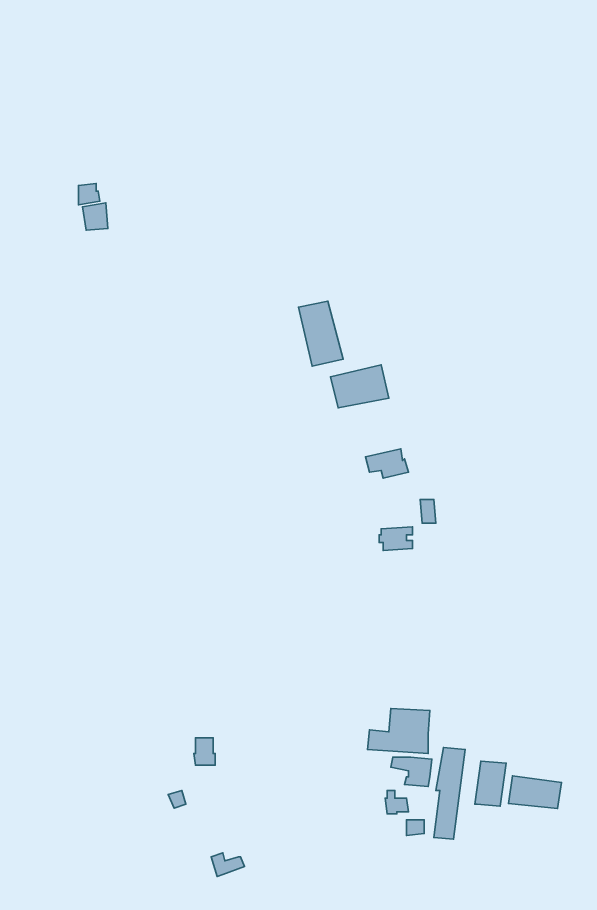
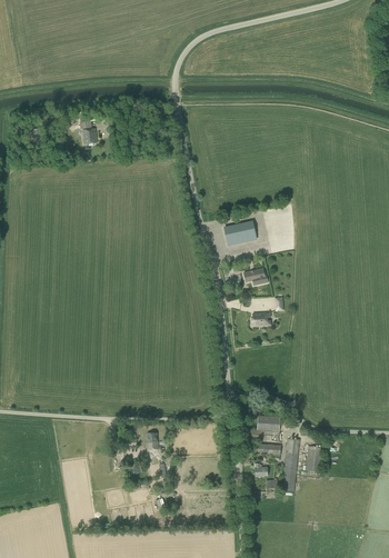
building: [298,301,343,366] -> none
building: [508,776,562,809] -> none

